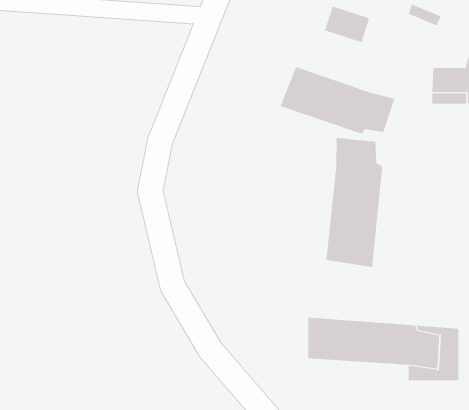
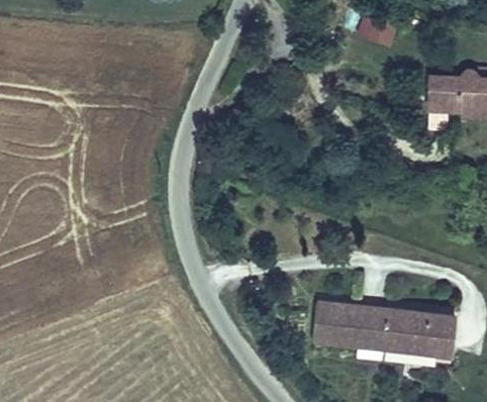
building: [280,66,395,135] -> none
building: [326,137,383,268] -> none

